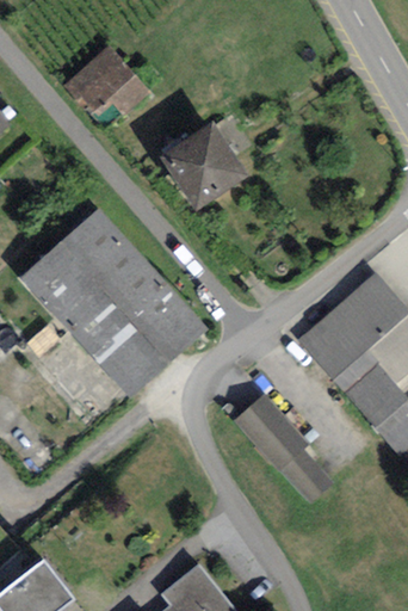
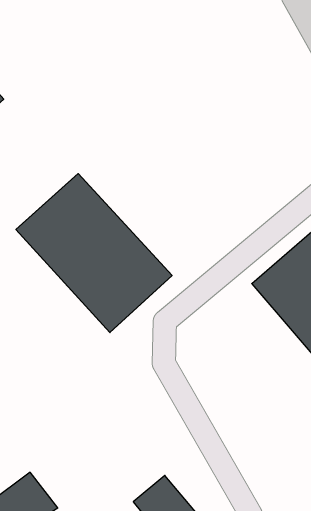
building: [64,47,150,118] -> none
building: [160,123,248,211] -> none
building: [234,393,332,504] -> none

